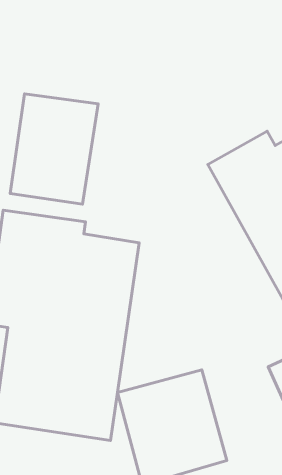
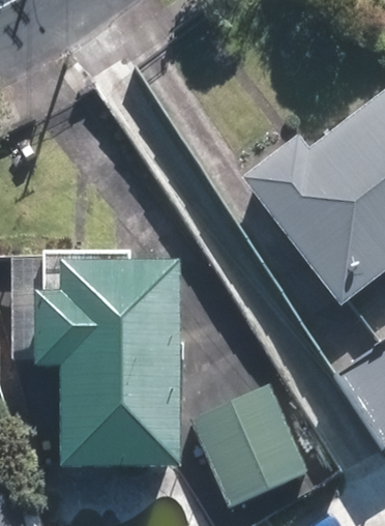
building: [10,94,98,204] -> none

